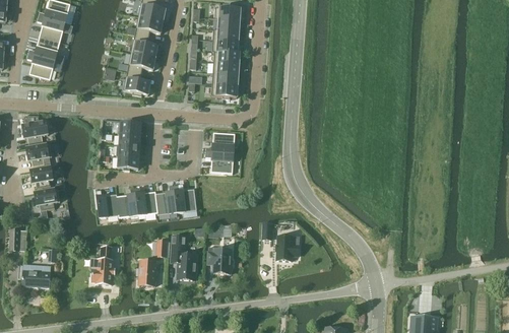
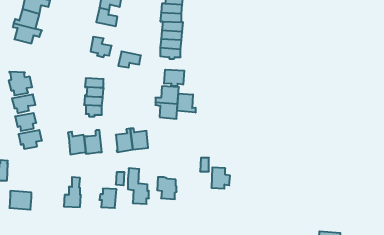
building: [128,52,156,72] -> [118,51,141,68]
building: none -> [164,70,184,86]
building: none -> [177,93,196,113]
building: [136,186,158,214] -> none

